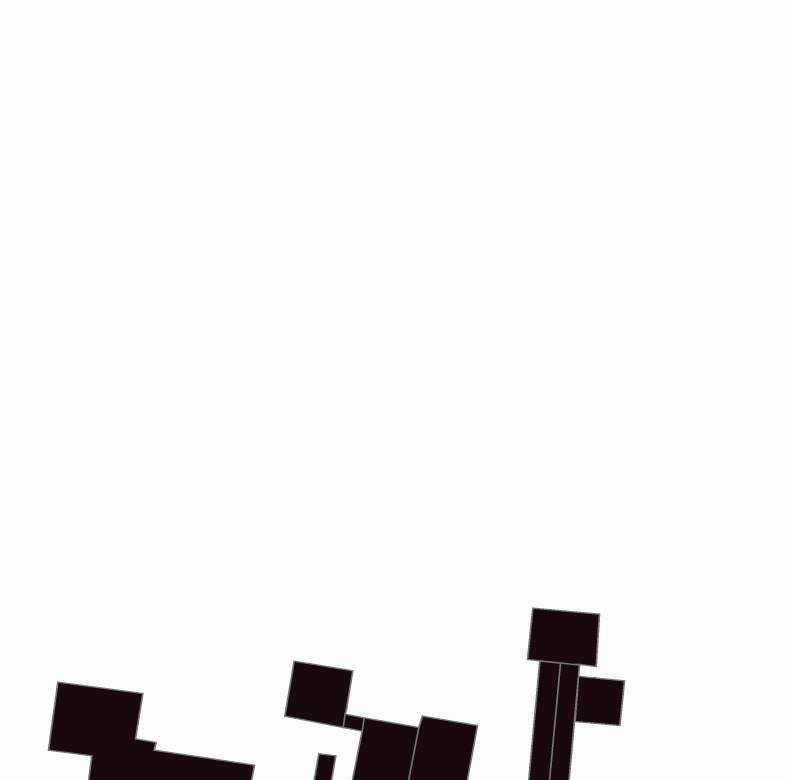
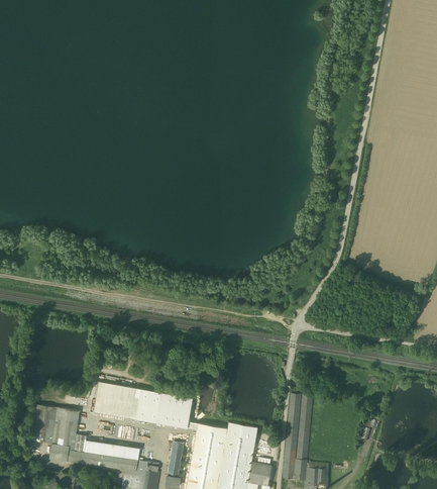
building: [527,608,600,666] -> none
building: none -> [94,382,160,422]
building: [575,676,624,726] -> none

